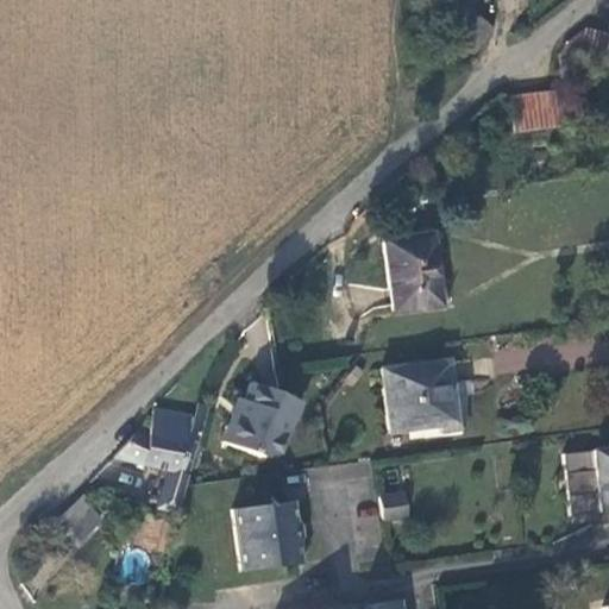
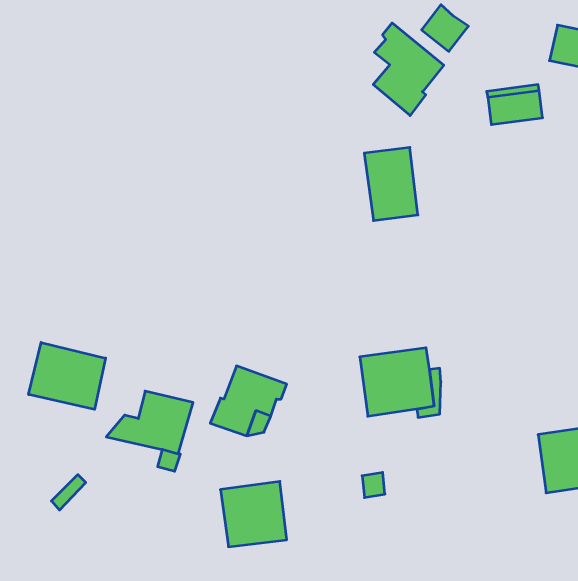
building: none -> [373,23,444,116]
building: [385,233,441,309] -> [364,147,418,221]
building: none -> [29,342,106,409]

